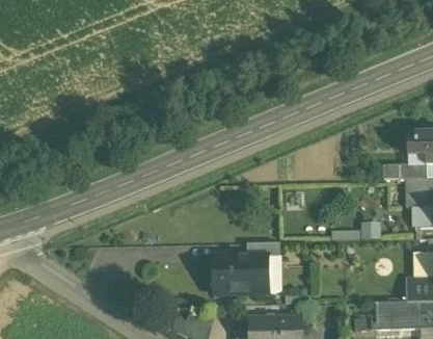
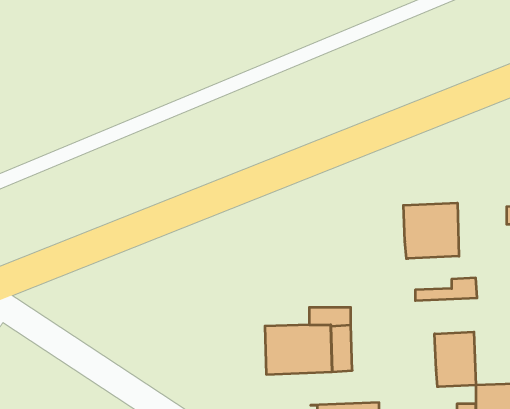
building: none -> [403,203,459,259]
building: none -> [435,332,476,387]

